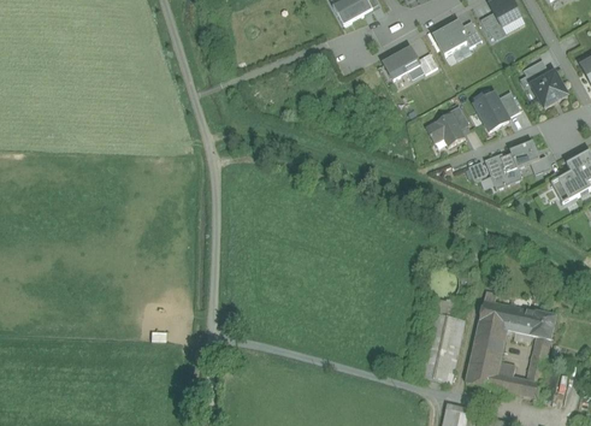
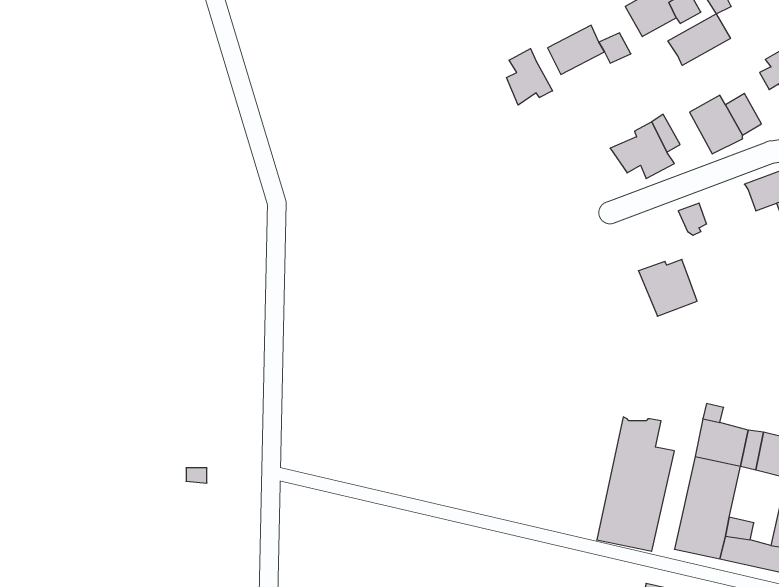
building: none -> [668,14,730,65]
building: none -> [506,49,553,105]
building: [484,152,521,188] -> [638,259,697,316]

